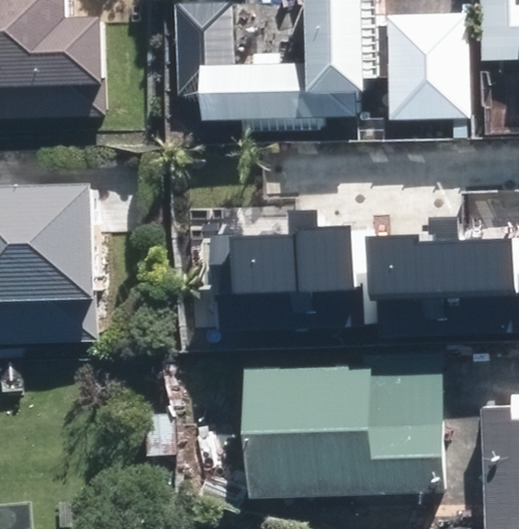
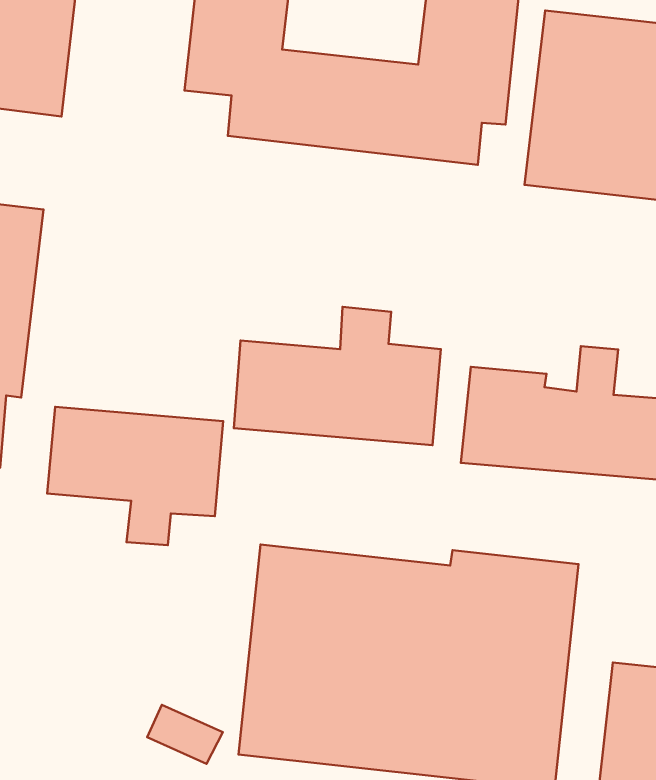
building: none -> [47,407,223,545]

